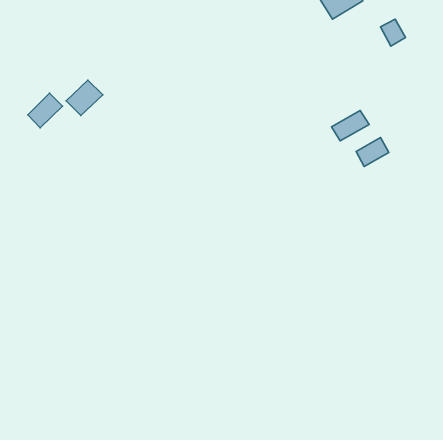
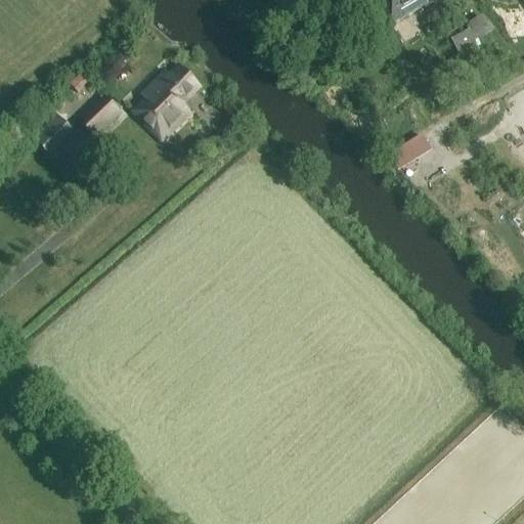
building: none -> [134,66,200,139]
building: [356,137,389,166] -> none

